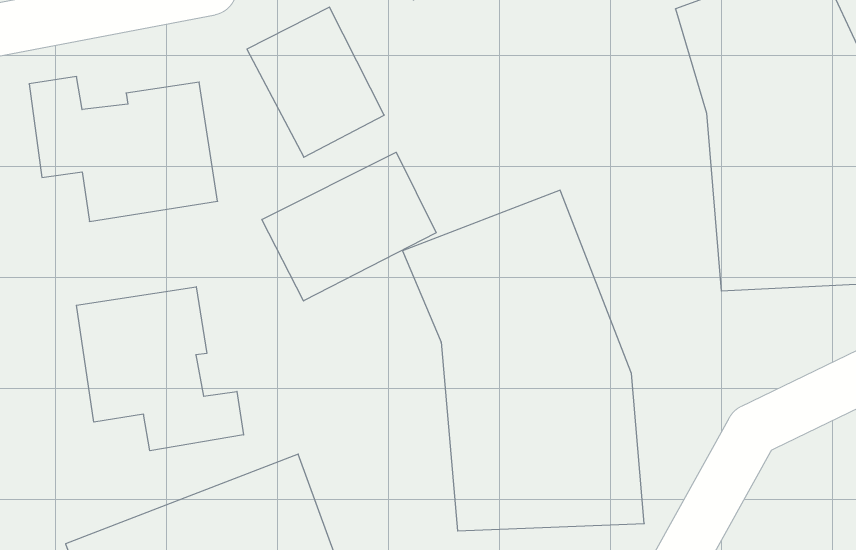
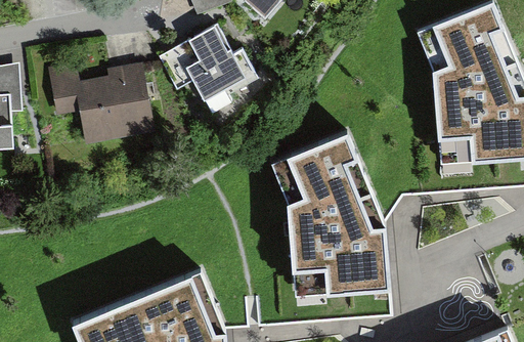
building: [262,152,436,301] -> none
building: [76,287,244,451] -> none

